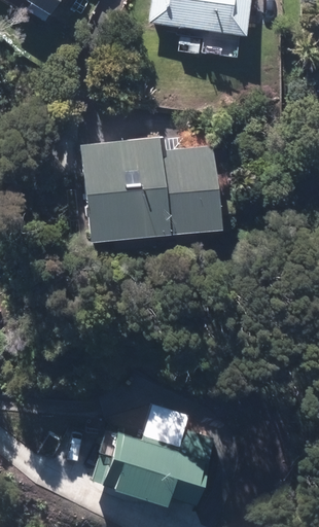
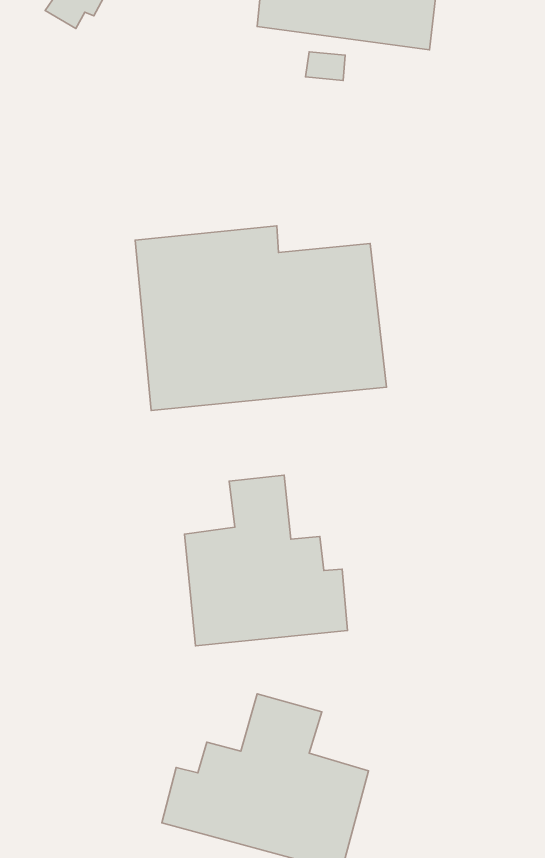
building: none -> [184,475,348,646]

